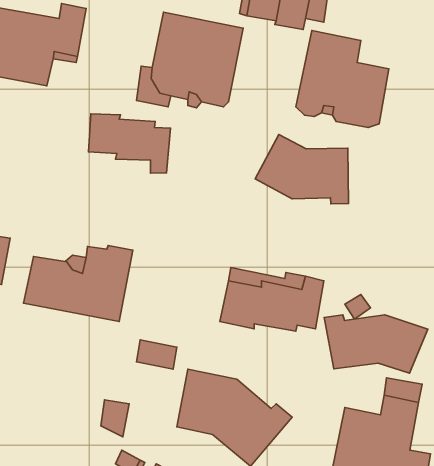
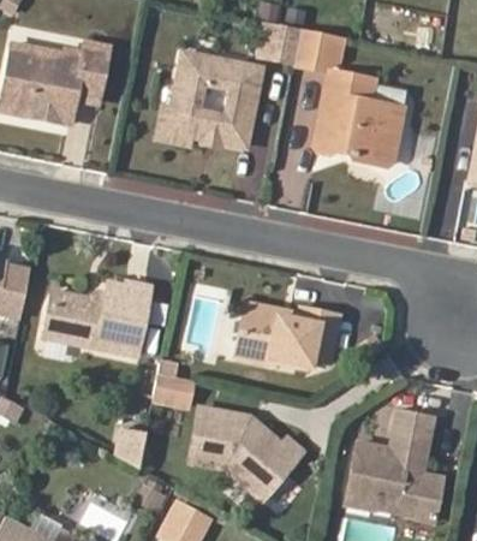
building: [88,114,170,173] -> none
building: [255,134,349,204] -> none
building: [324,315,428,373] -> none

